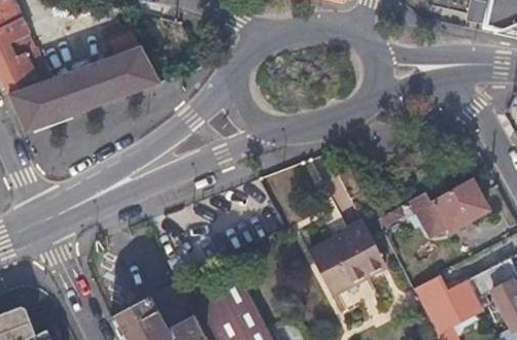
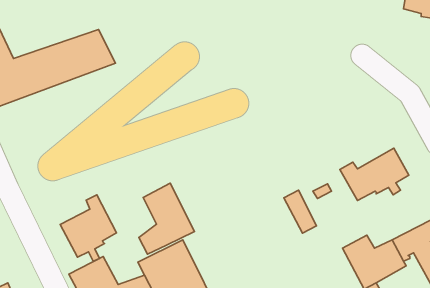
building: none -> [139,183,194,254]
building: none -> [60,195,117,261]
building: [310,232,369,291] -> none

